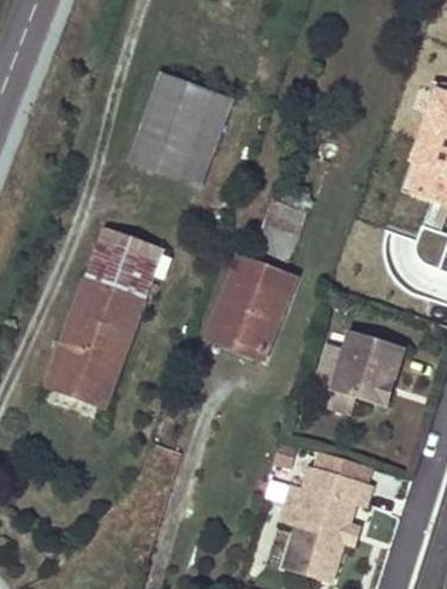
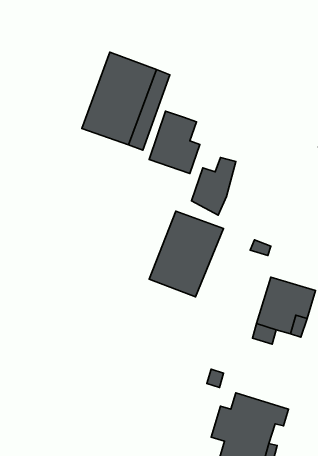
building: none -> [149,111,200,173]
building: [48,226,171,403] -> none

